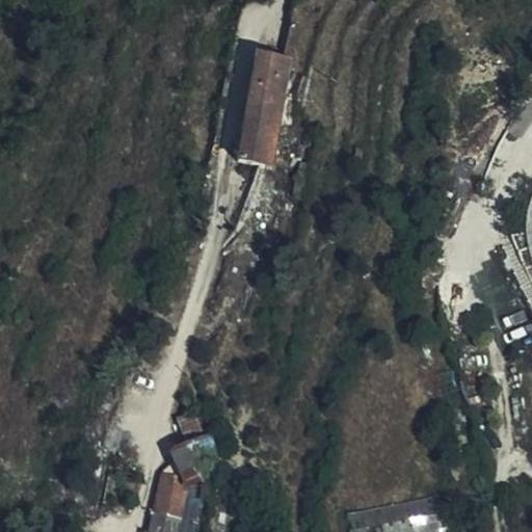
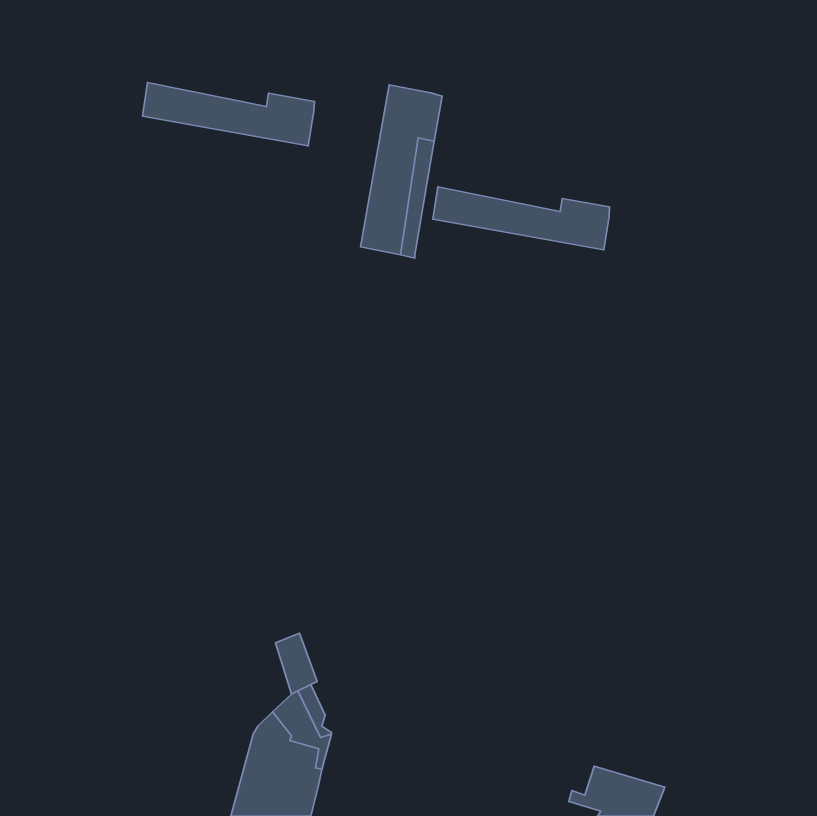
building: none -> [143,83,314,146]
building: none -> [433,187,610,250]

